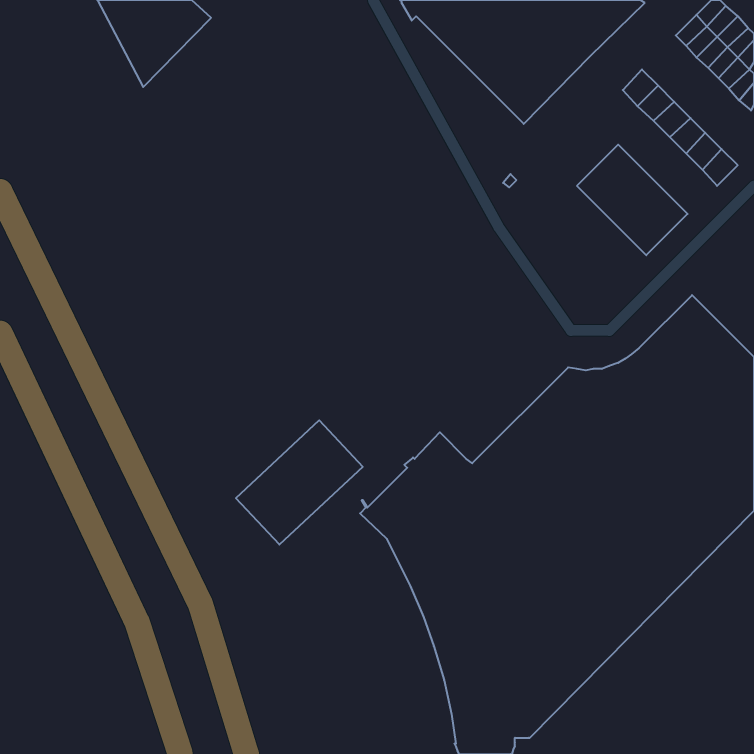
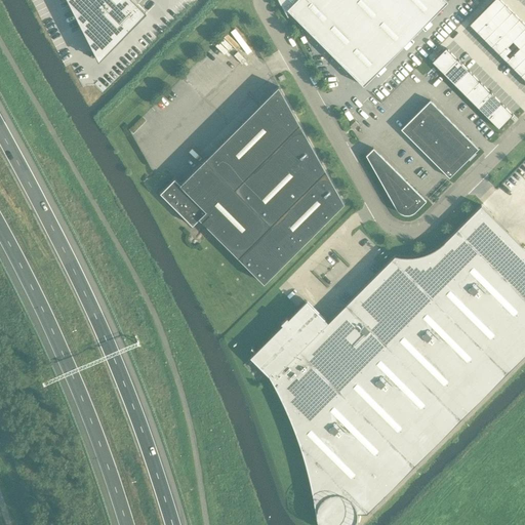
building: none -> [160,87,345,283]
building: none -> [366,149,427,215]
building: [236,420,363,545] -> none

